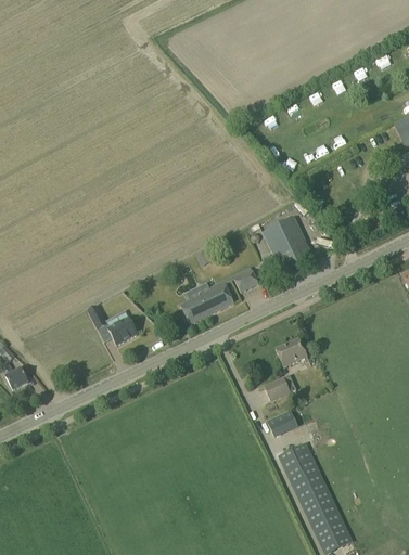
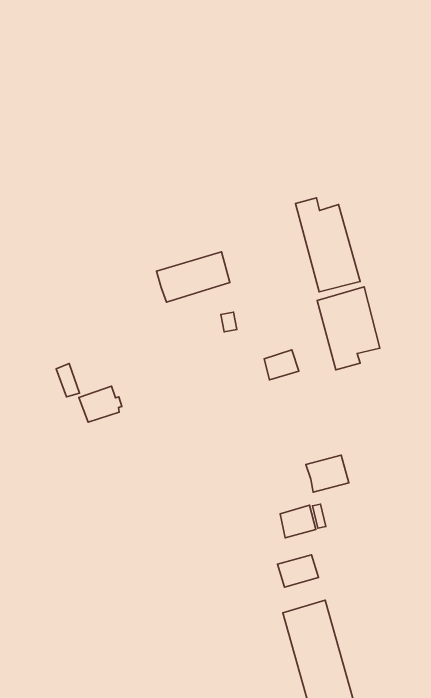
building: none -> [295,198,360,292]
building: [180,281,233,323] -> [156,252,230,302]

